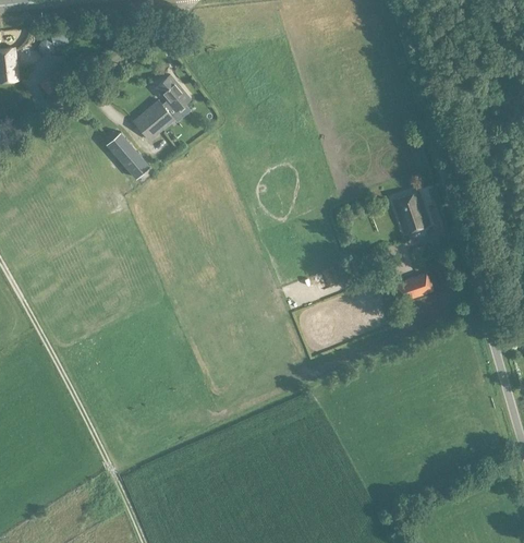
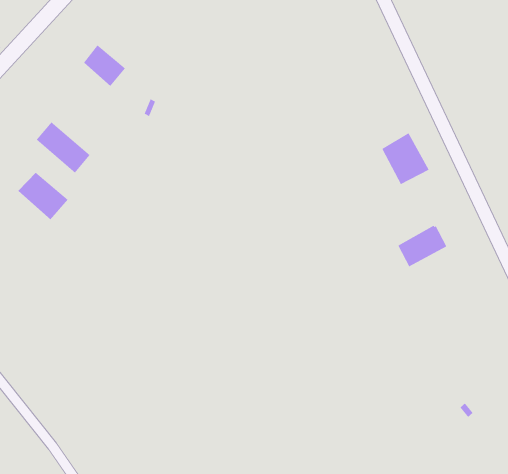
building: [131,98,175,142] -> none
building: none -> [17,172,68,220]

